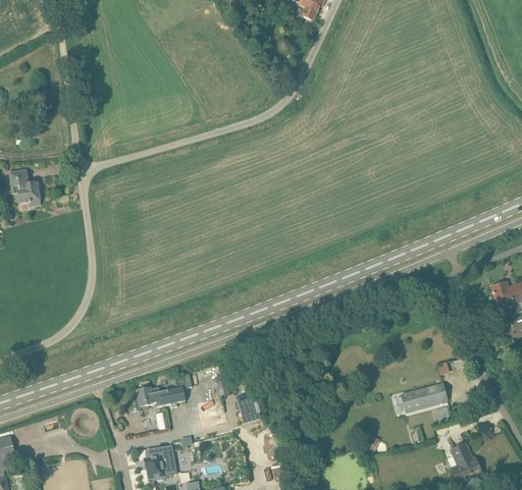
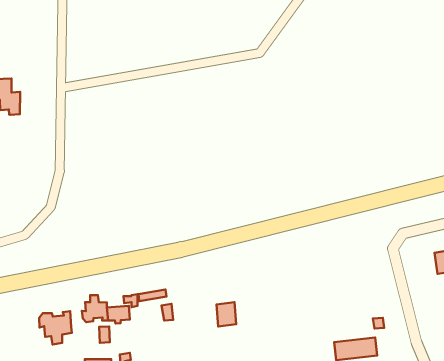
building: [238,396,261,424] -> [216,302,236,326]
building: none -> [39,311,72,344]

